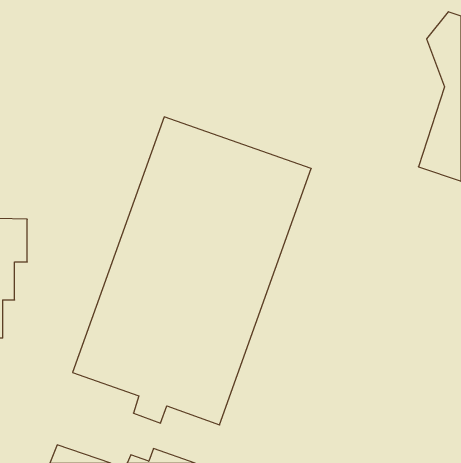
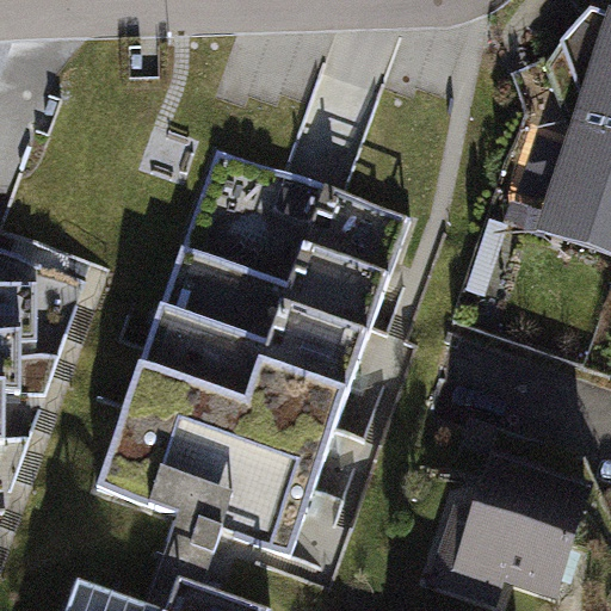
building: none -> [461,471,585,594]

